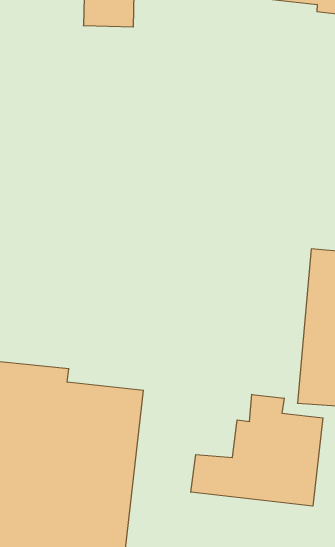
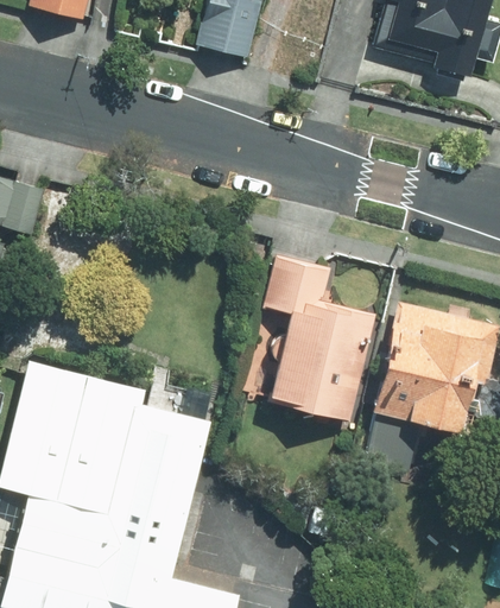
building: none -> [245,255,378,420]
building: [191,394,323,506] -> none

